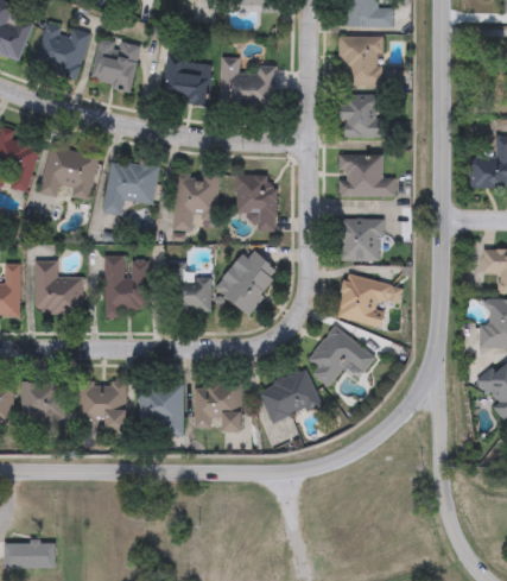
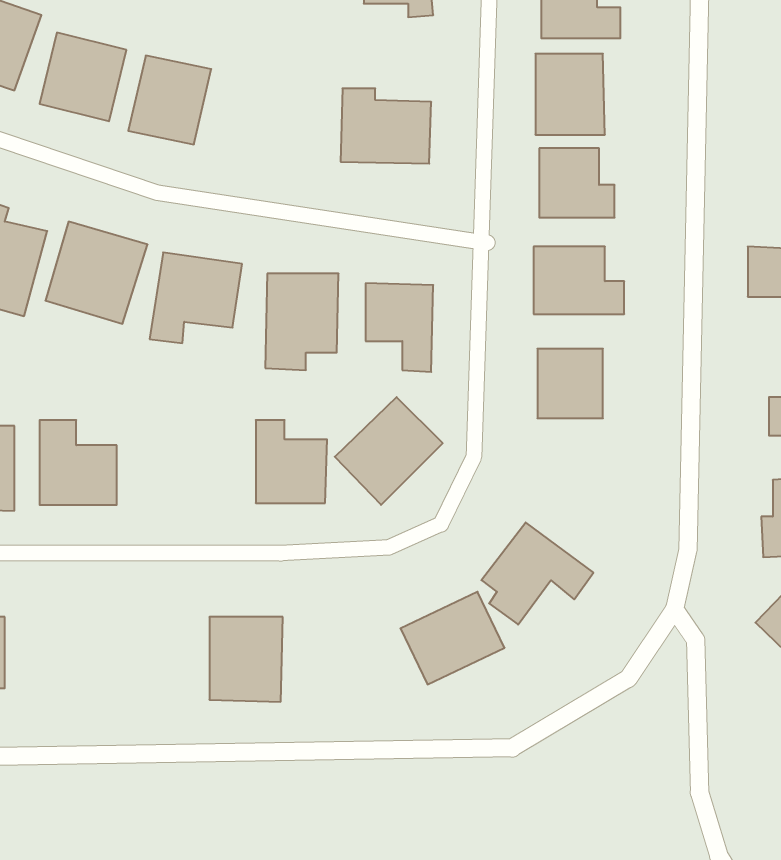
building: [161,55,211,103] -> none
building: [104,255,148,311] -> none
building: [336,272,392,327] -> none
building: [21,380,64,430] -> none
building: [78,381,128,430] -> none
building: [194,381,241,431] -> none

